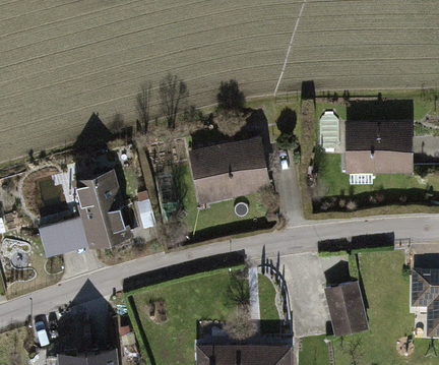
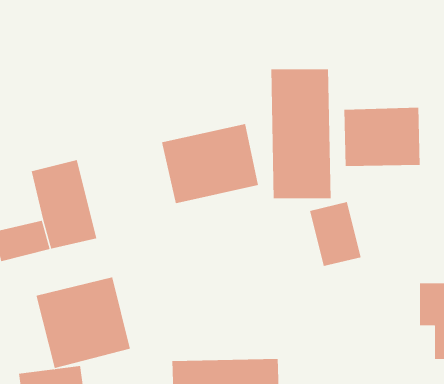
building: none -> [271,68,331,199]
building: none -> [36,276,130,369]
building: [322,280,368,337] -> [309,201,362,267]

